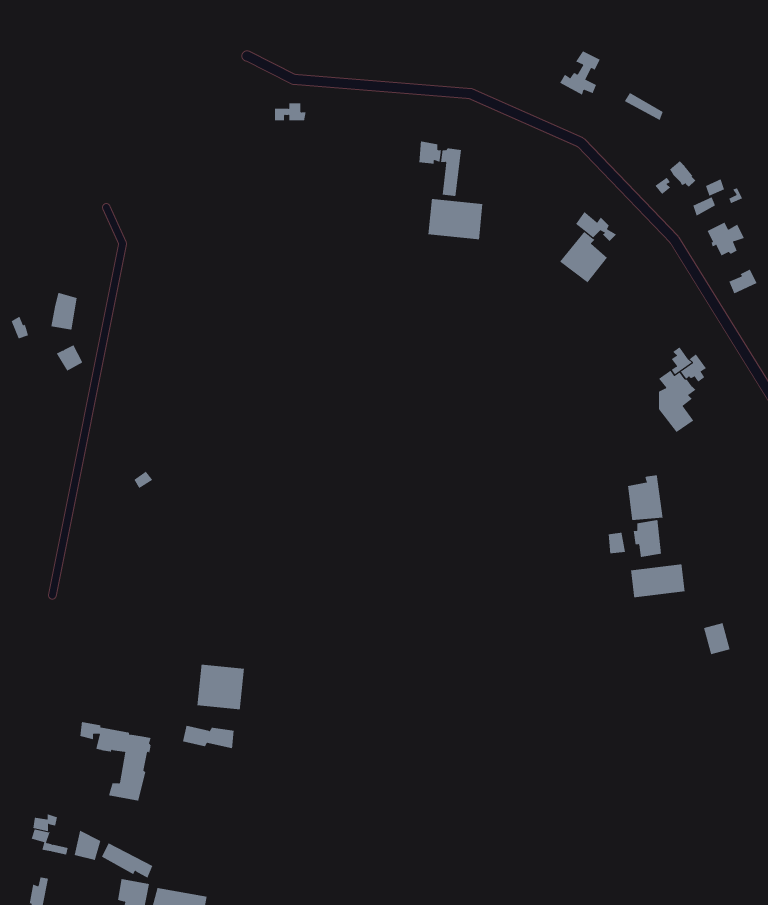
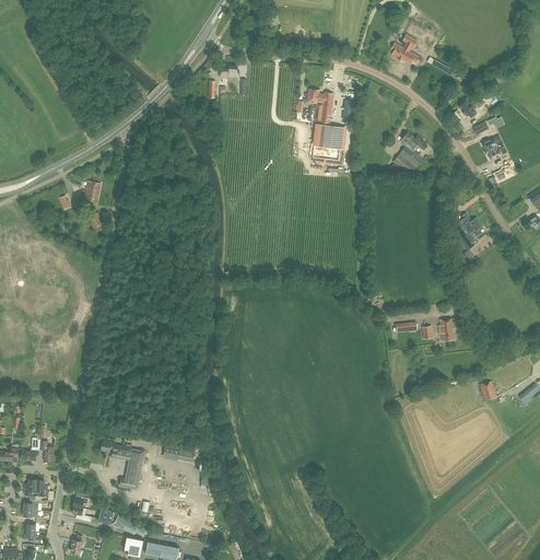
building: [627,474,663,521] -> none
building: [630,564,685,598] -> none
building: [197,664,245,710] -> none

